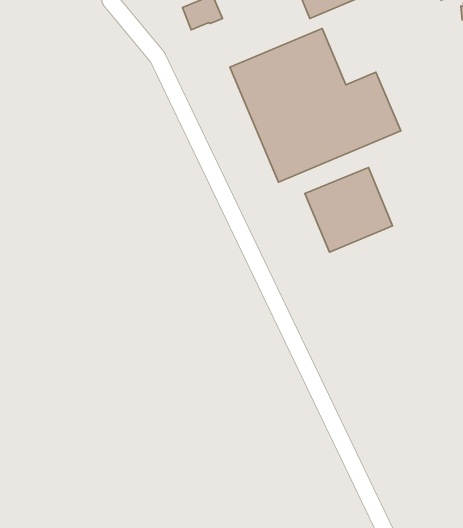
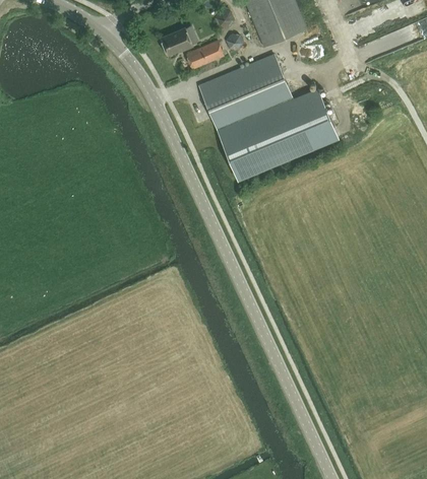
building: none -> [185,41,224,69]
building: [305,167,392,252] -> none

